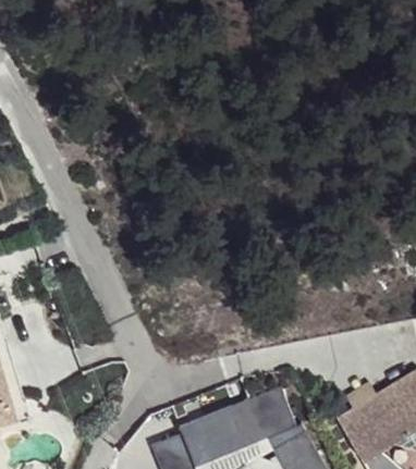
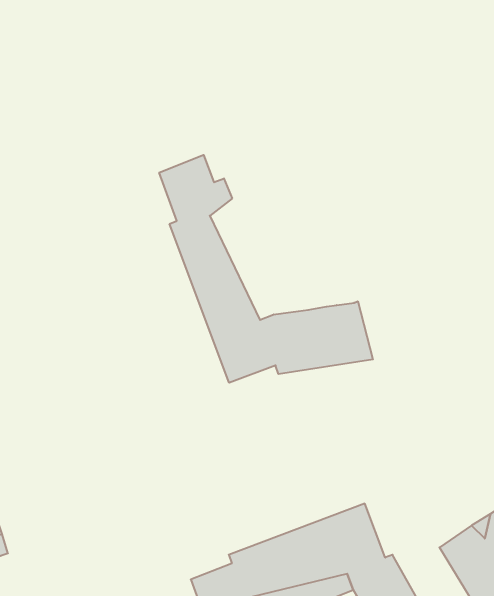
building: none -> [159,155,373,383]

